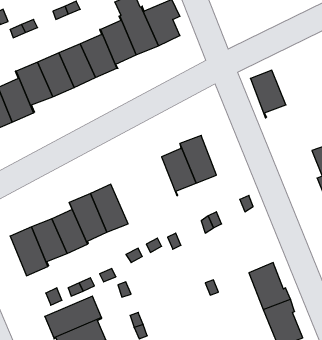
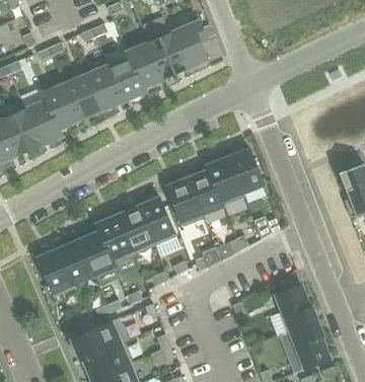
building: [250,70,286,118] -> [228,149,264,197]
building: none -> [166,178,204,226]
building: none -> [138,197,175,245]

